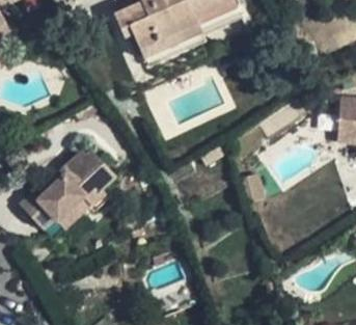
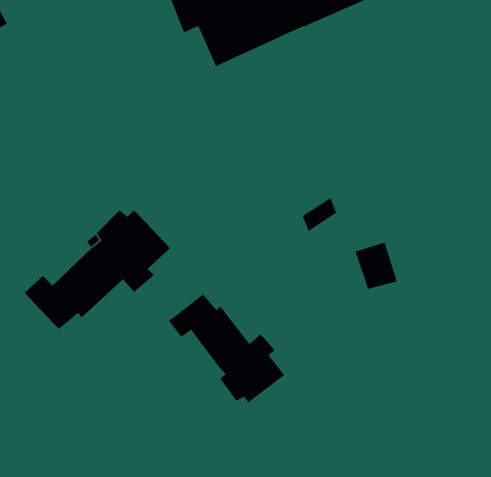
building: none -> [168,294,285,404]

